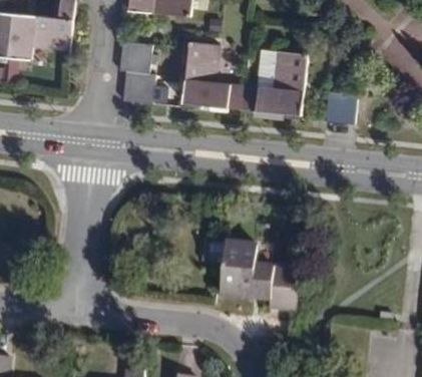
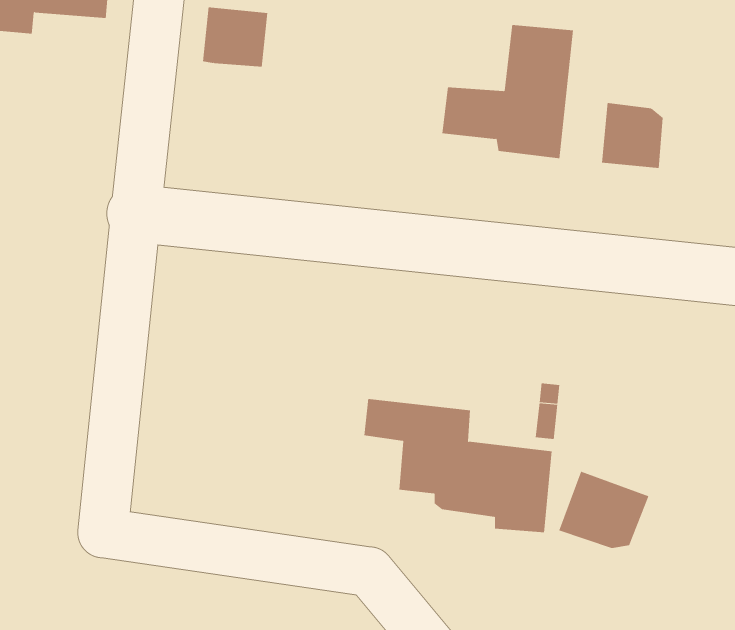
building: [182,41,247,108] -> none
building: [122,69,158,102] -> none
building: none -> [559,471,649,549]

